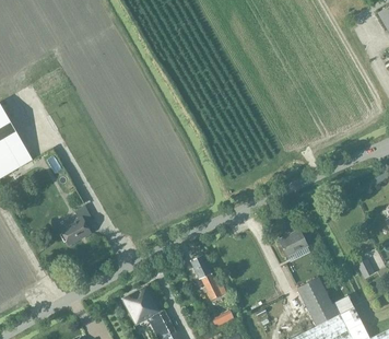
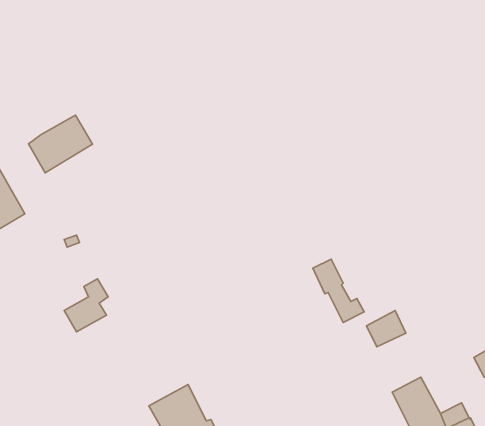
building: none -> [28,115,92,173]
building: [191,256,228,302] -> [313,259,364,323]

